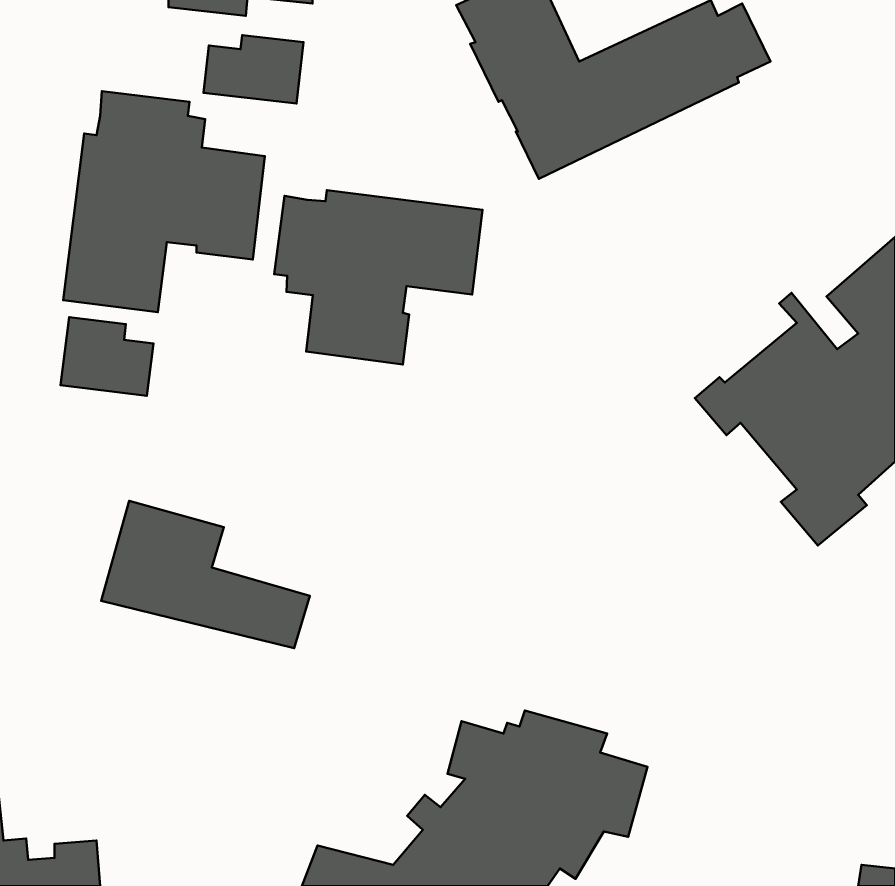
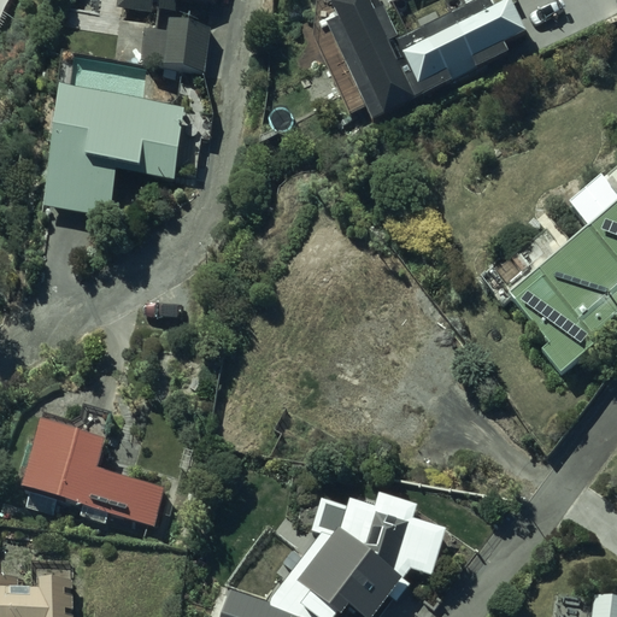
building: [274,190,483,365] -> none
building: [61,317,153,396] -> none
building: [101,501,310,648] -> [18,424,161,525]

